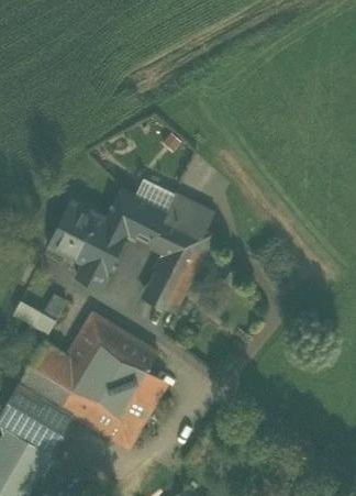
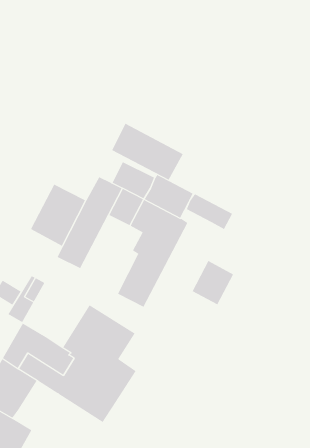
building: none -> [111,123,183,181]
building: none -> [186,193,233,230]
building: none -> [192,260,234,305]
building: [66,313,110,368] -> none
building: [32,403,78,454] -> none

